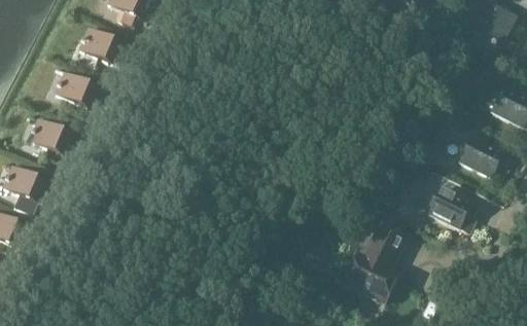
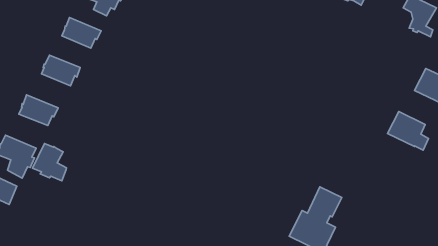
building: none -> [33,143,67,181]
building: [428,187,477,232] -> none

